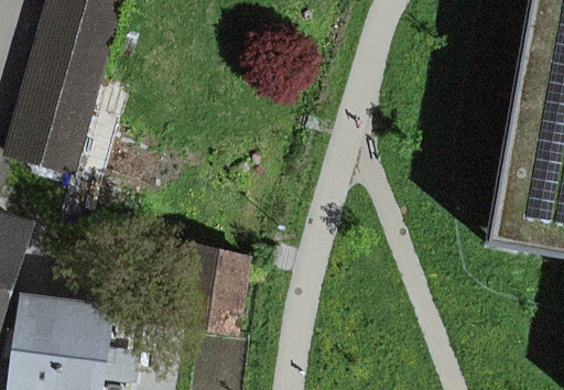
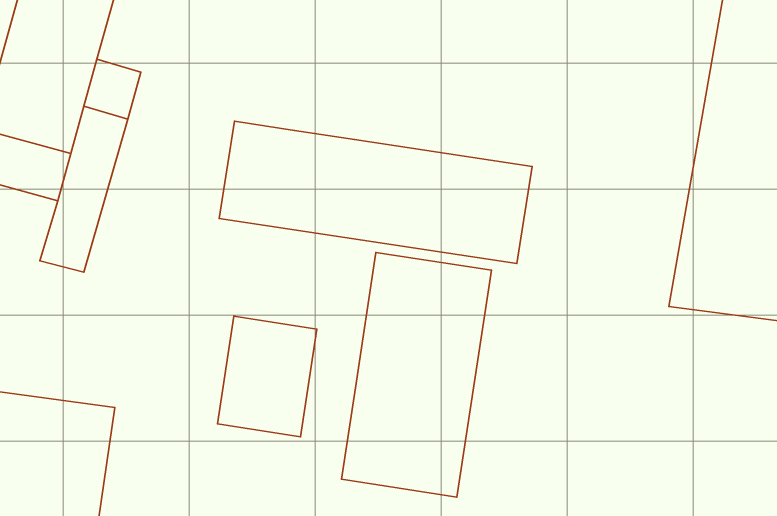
building: none -> [219,121,532,264]
building: none -> [342,252,491,497]

